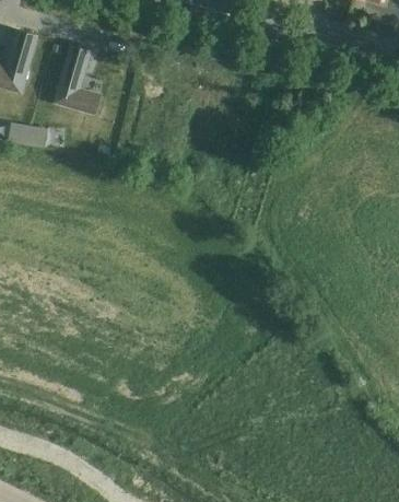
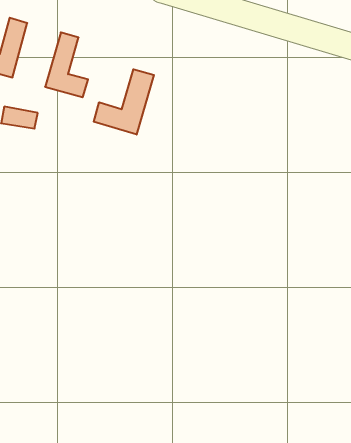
building: none -> [94,69,154,135]

